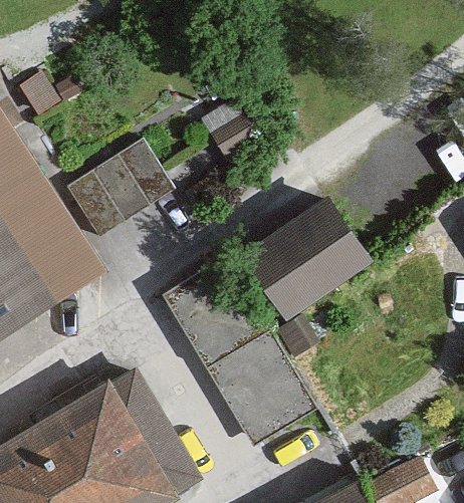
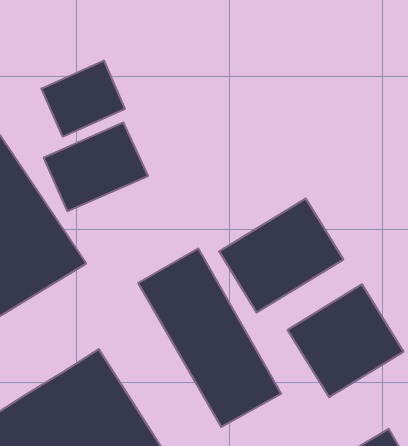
building: none -> [41,60,125,137]
building: none -> [288,284,403,397]

